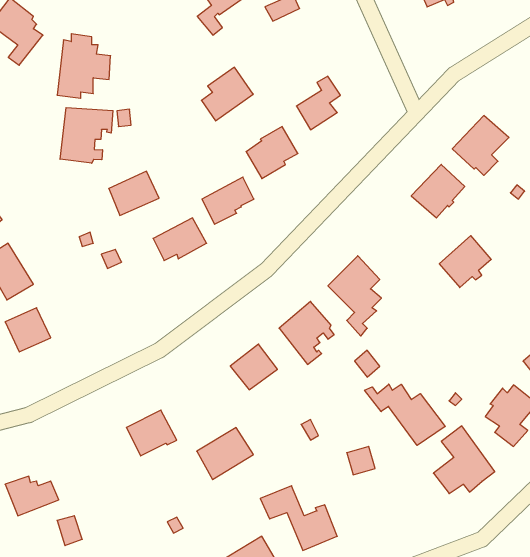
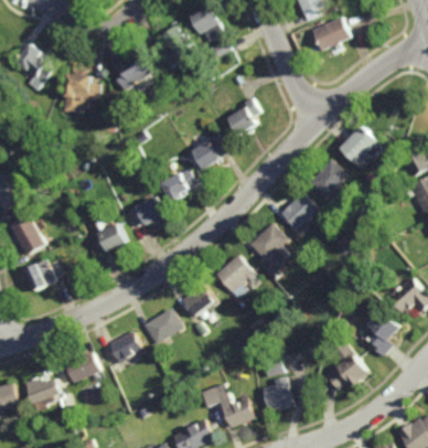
building: [201,67,253,121] -> [114,53,150,90]
building: [60,108,113,163] -> none
building: [109,171,159,215] -> [92,224,127,255]
building: [439,236,491,288] -> [280,192,317,228]
building: [365,384,445,445] -> none
building: [197,428,253,480] -> [145,308,184,344]
building: none -> [65,352,100,382]
building: none -> [265,377,292,410]

